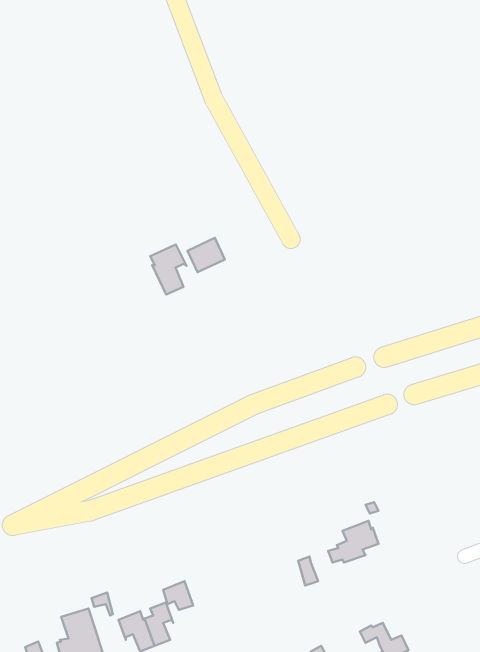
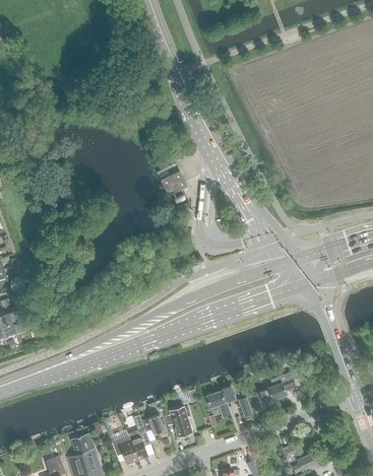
building: [150,245,186,294] -> none
building: none -> [204,387,232,417]
building: none -> [162,405,192,437]

